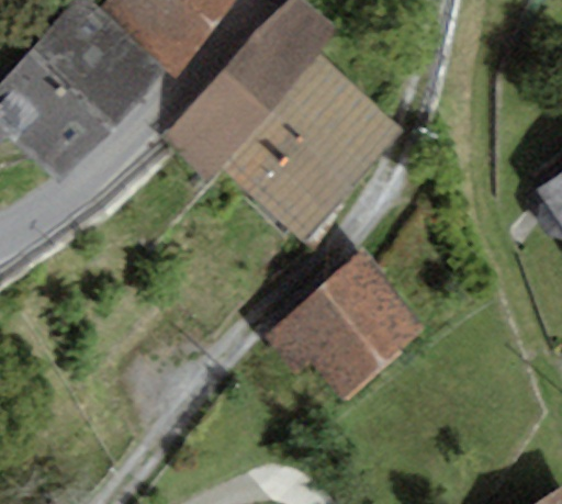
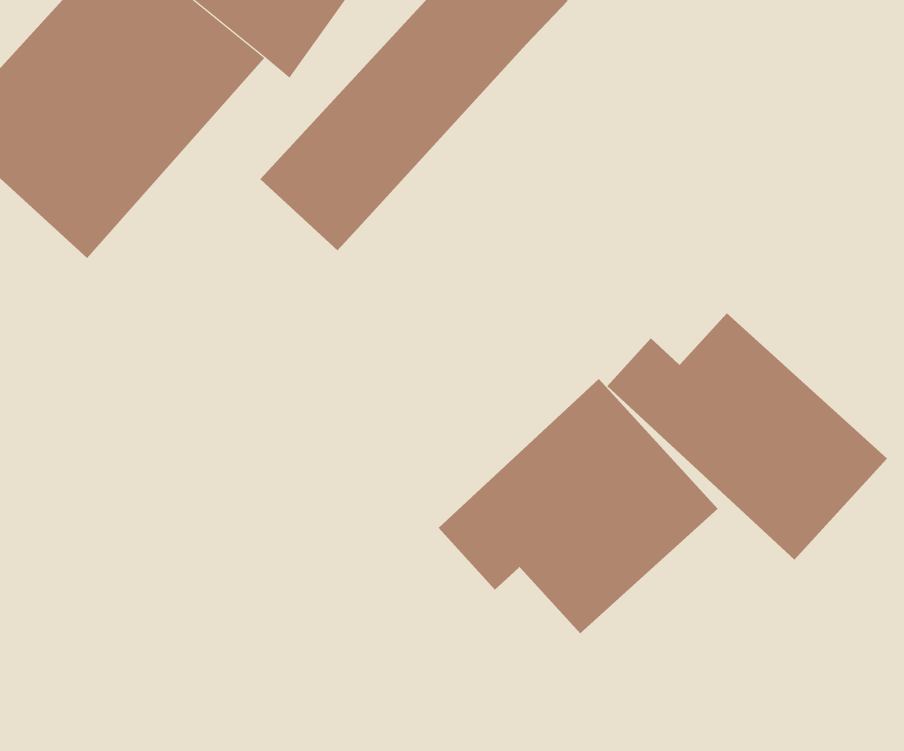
building: [221,57,400,237] -> none
building: none -> [606,312,888,561]

